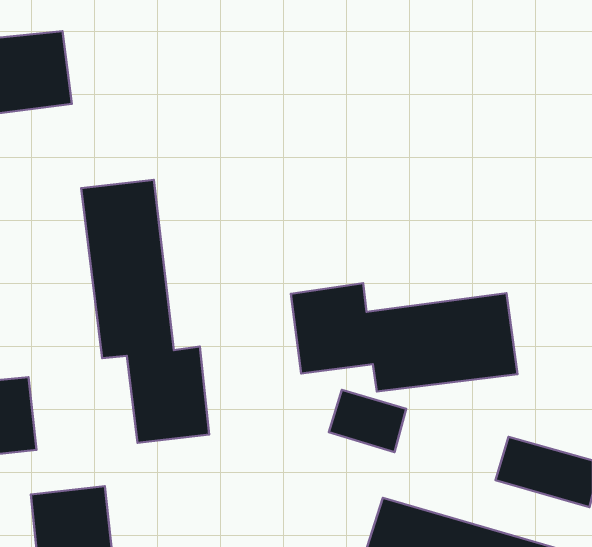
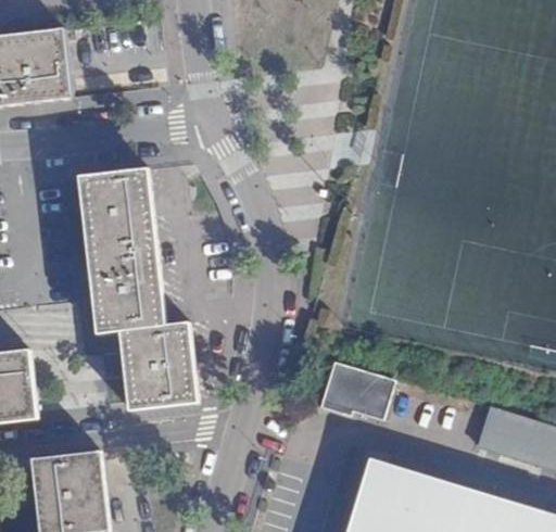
building: [291,283,517,392] -> none

